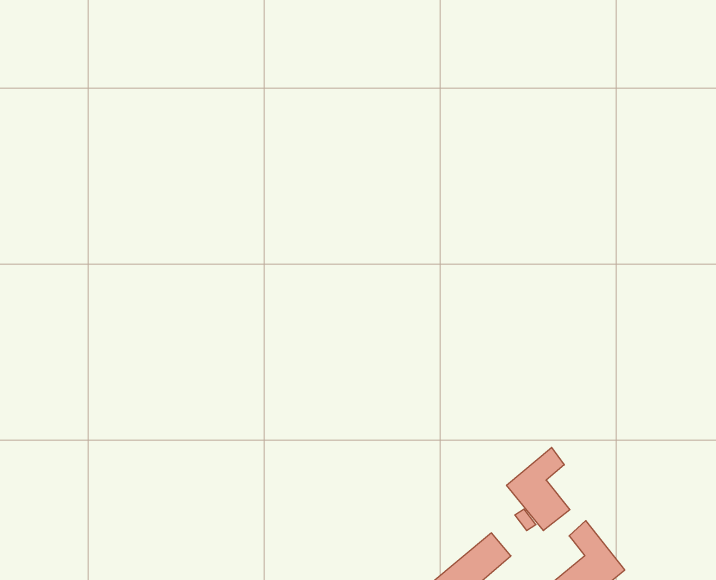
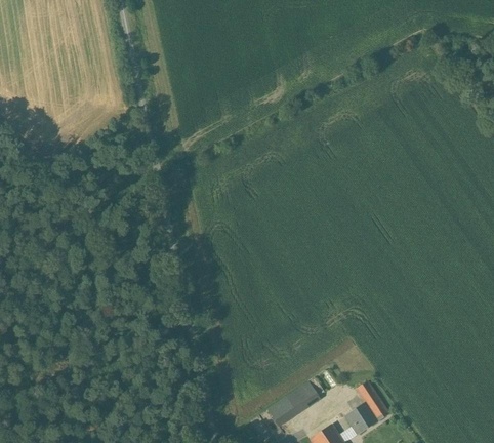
building: [507,447,570,531] -> none

